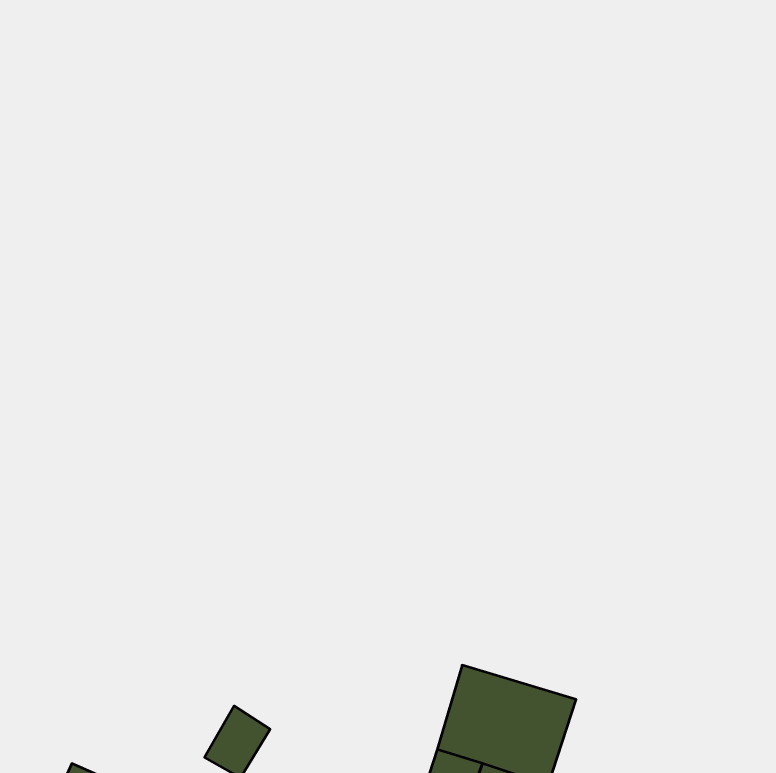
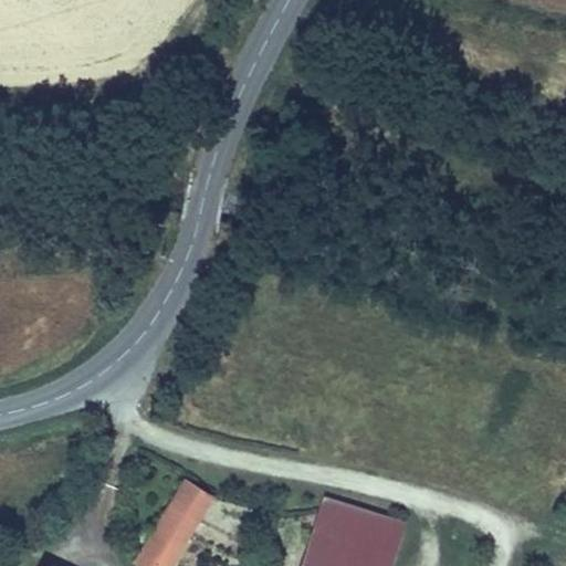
building: none -> [140,470,217,554]

